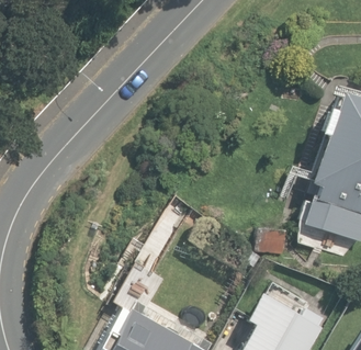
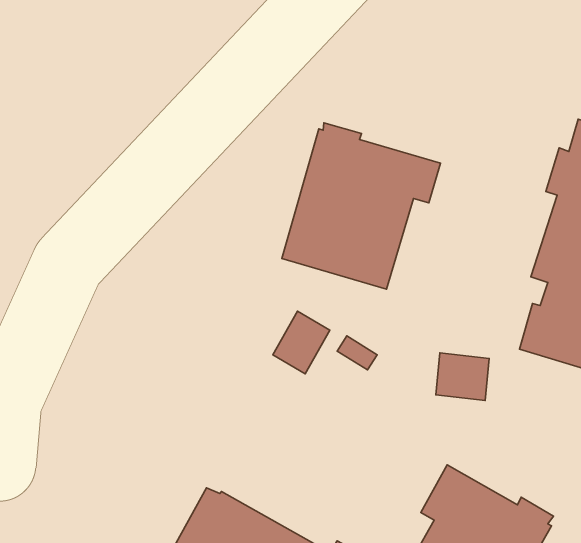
building: none -> [282,123,441,289]

